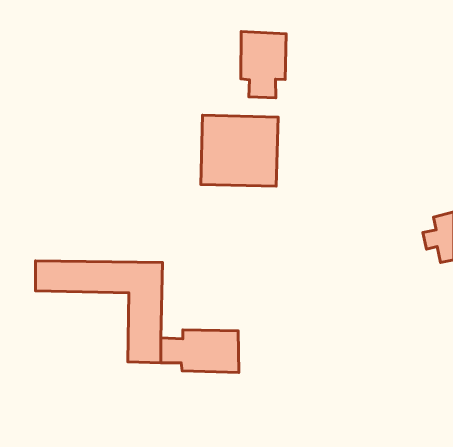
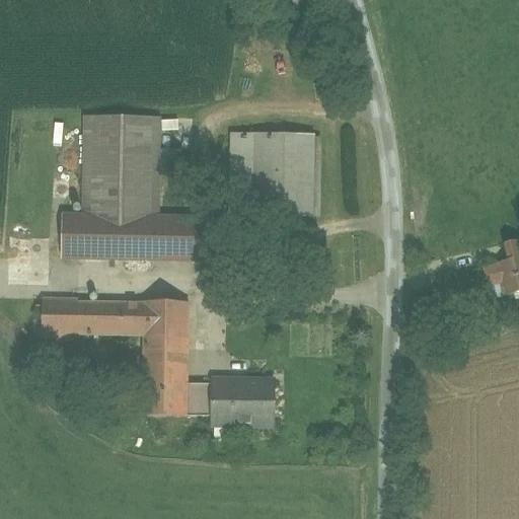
building: [241,32,286,98] -> none
building: none -> [63,119,199,250]

